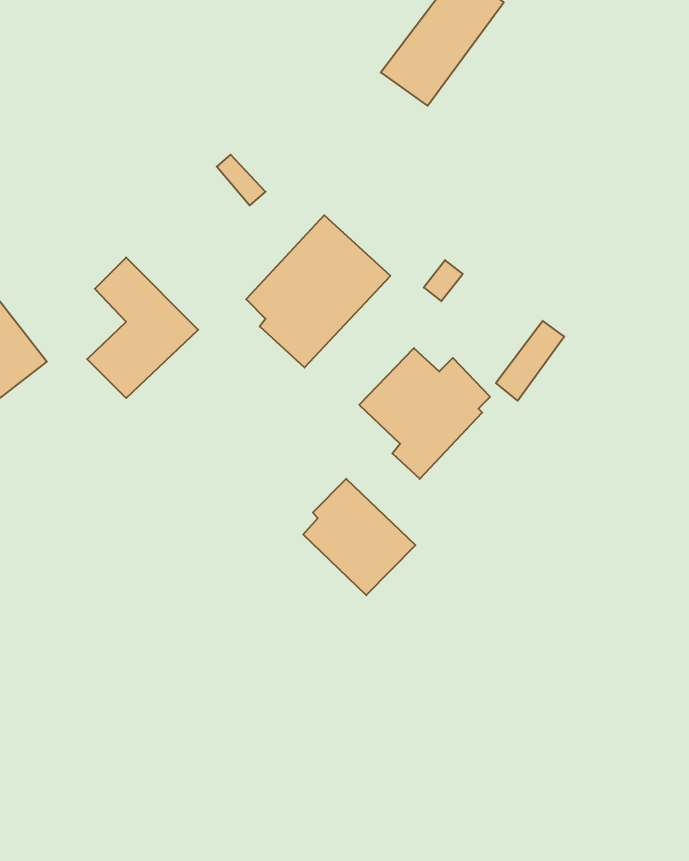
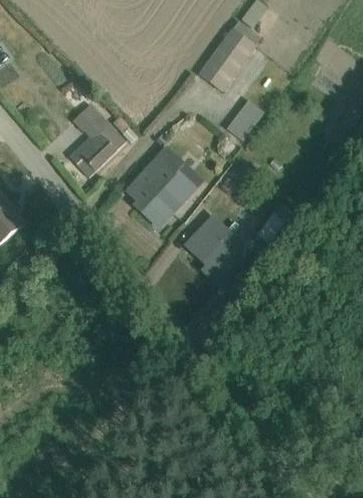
building: none -> [226,101,263,141]
building: [87,257,198,398] -> [68,105,126,177]
building: [303,479,415,595] -> none

